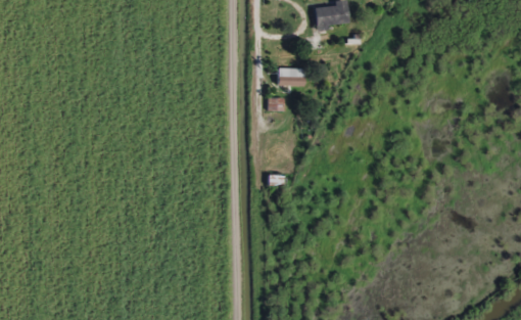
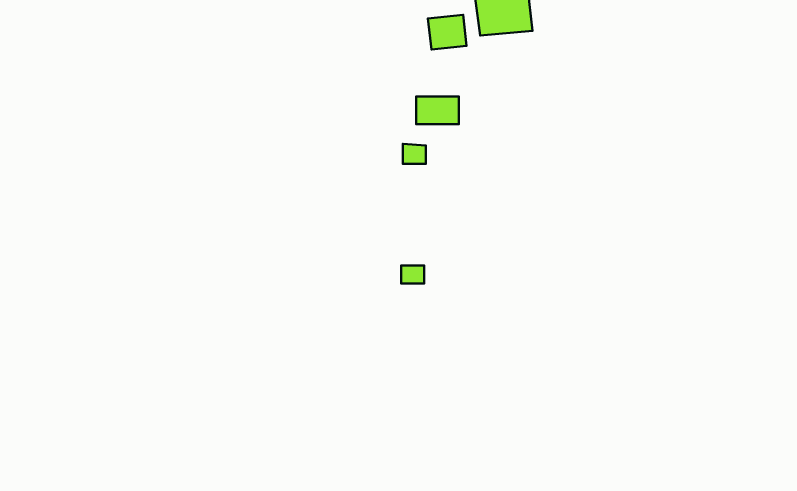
building: none -> [428,15,467,50]

